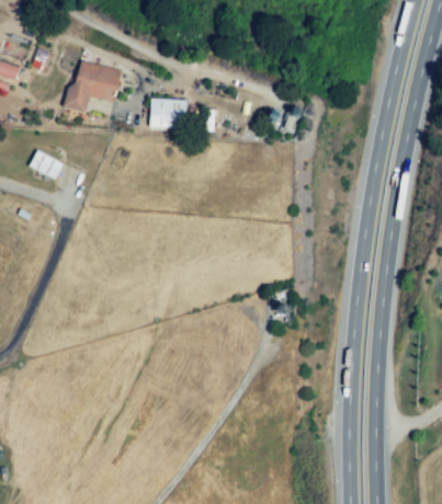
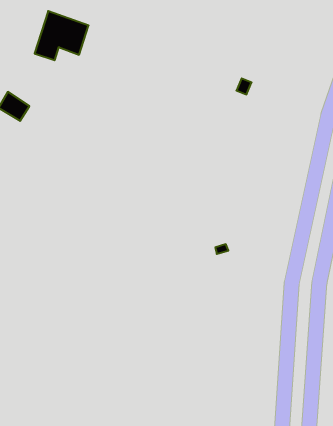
building: [152,101,191,131] -> none

